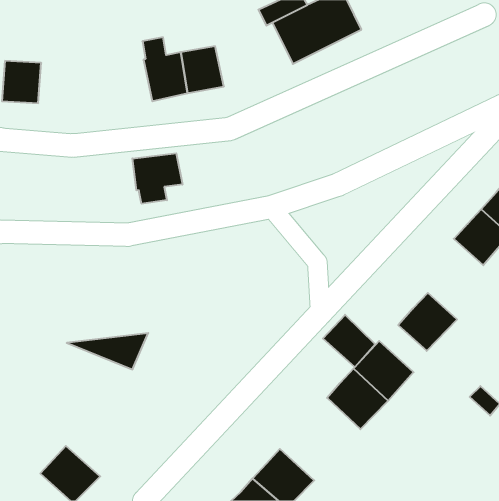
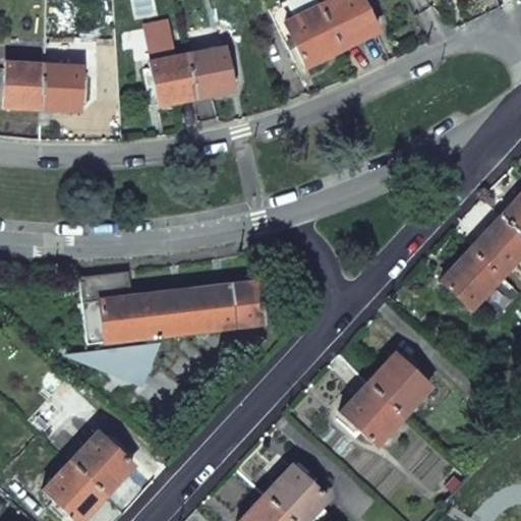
building: none -> [43,65,83,109]
building: [132,153,182,204] -> none
building: none -> [79,271,263,344]
building: [398,293,457,351] -> [443,247,504,307]
building: [323,315,375,367] -> none
building: none -> [71,432,133,494]

